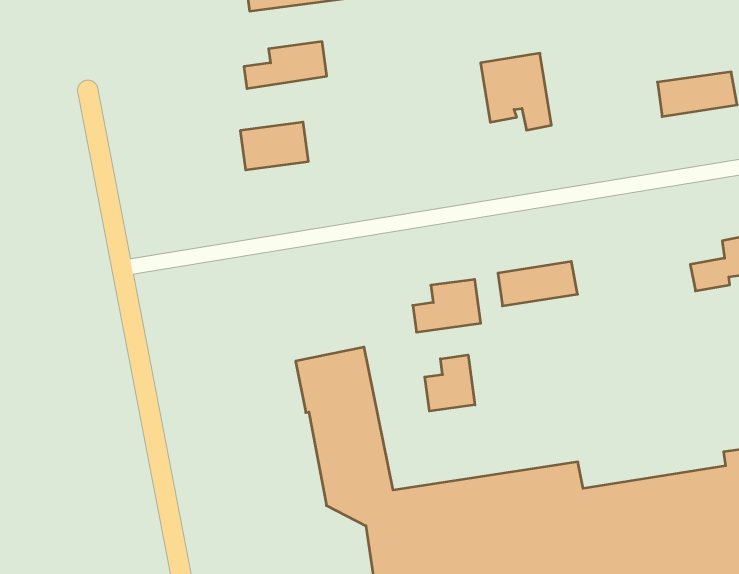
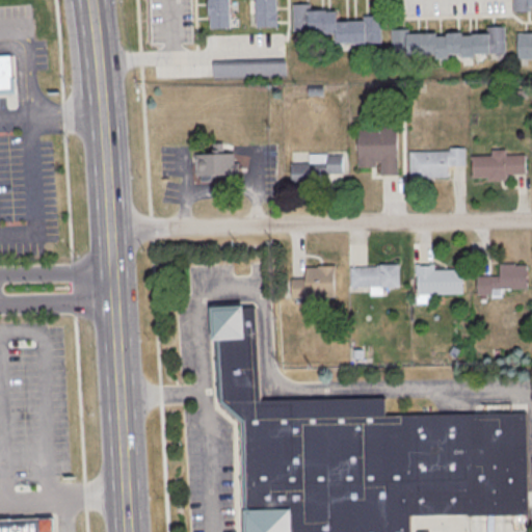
building: [244,42,327,89] -> [291,154,344,178]
building: none -> [408,150,464,182]
building: none -> [416,263,464,294]
building: [425,355,475,411] -> none

